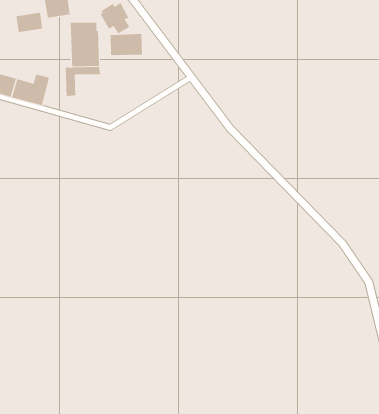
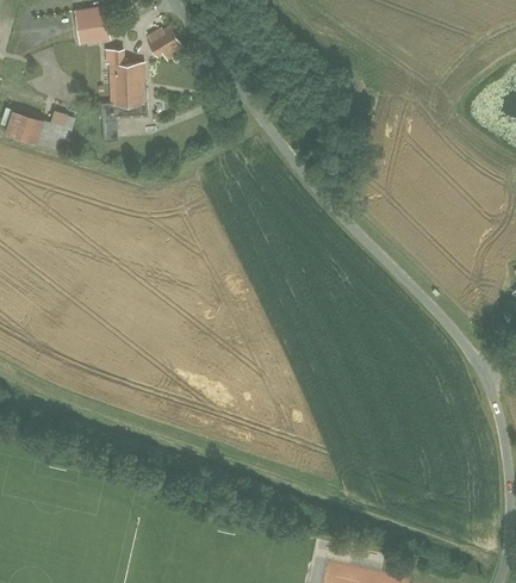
building: [16,12,42,33] -> none
building: [110,33,143,56] -> none

